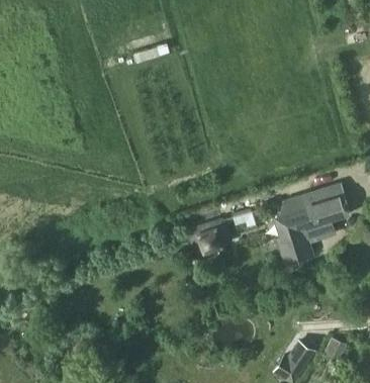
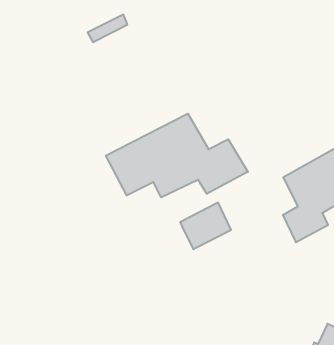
building: none -> [106,114,248,197]

